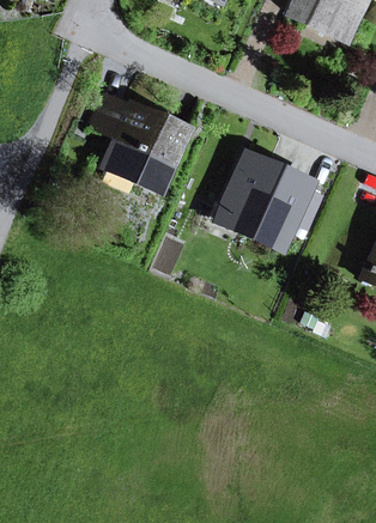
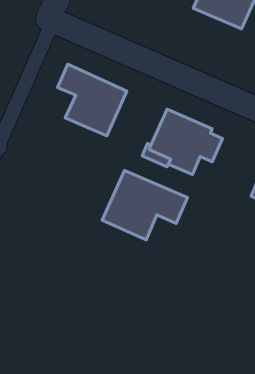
building: none -> [102,170,188,240]

